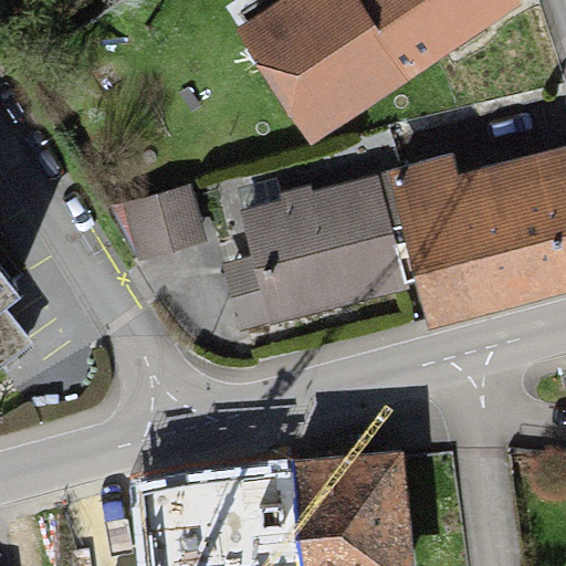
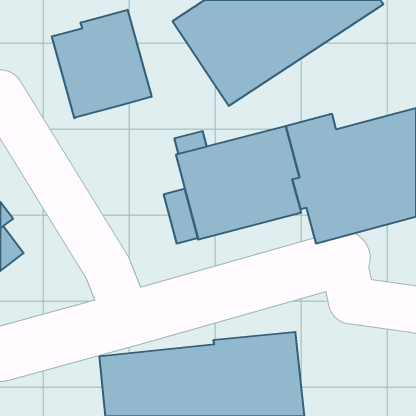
building: none -> [52,10,152,118]
building: [124,185,205,261] -> none

